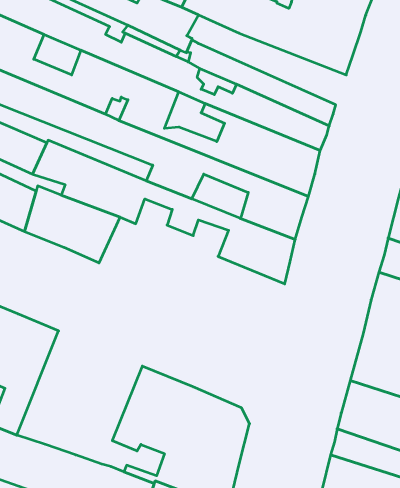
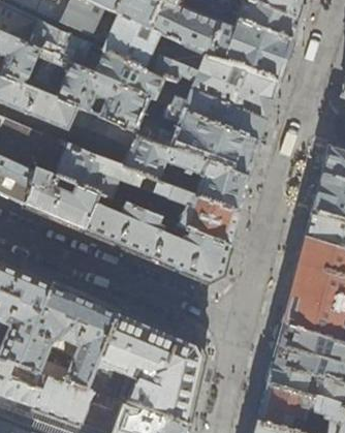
building: none -> [161,49,278,105]
building: none -> [83,194,229,282]
building: none -> [18,284,117,390]

